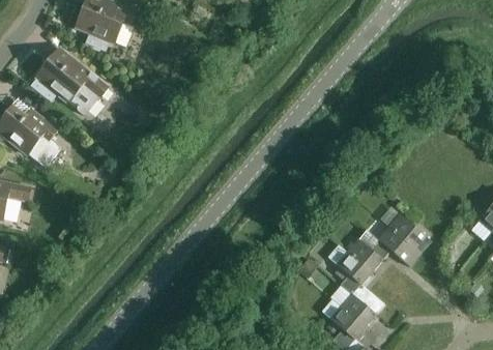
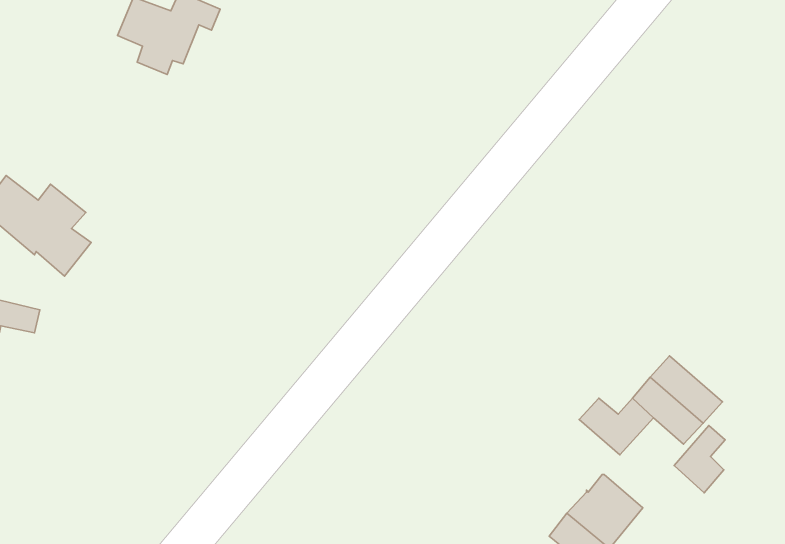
building: [32,56,109,115] -> none
building: [336,251,370,293] -> none
building: none -> [674,426,725,493]

